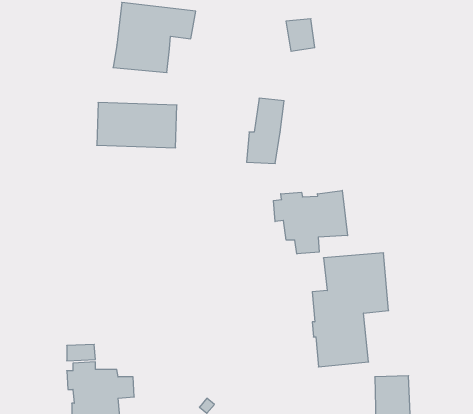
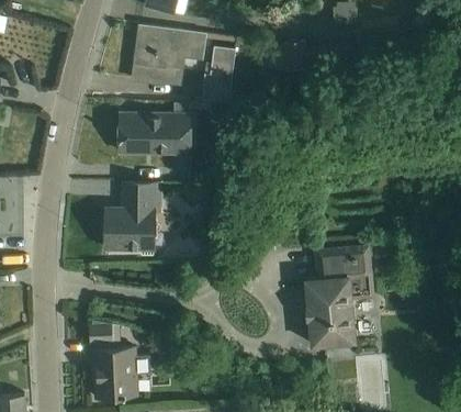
building: [247,98,284,163] -> [202,45,235,102]
building: none -> [105,182,160,254]
building: [273,190,348,254] -> none

